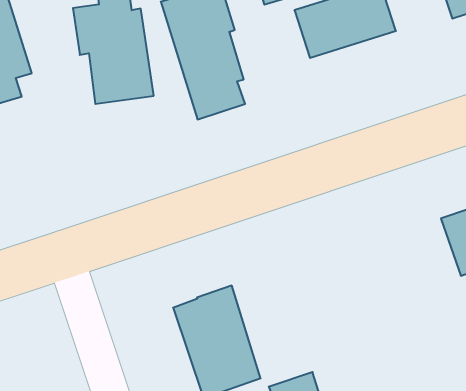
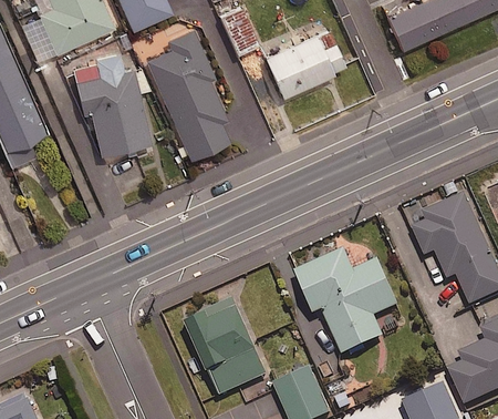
building: none -> [297,252,402,358]

